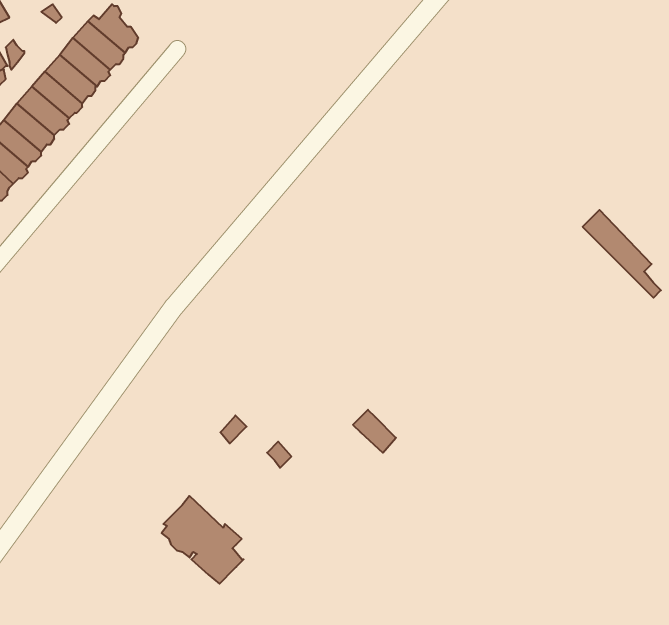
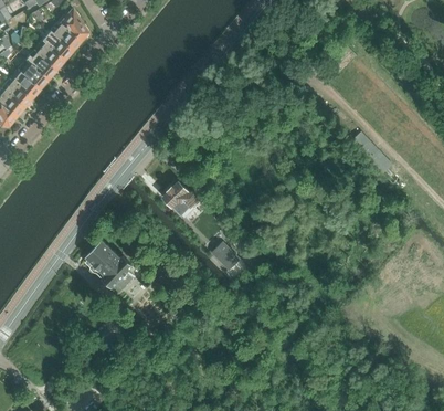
building: none -> [162,182,201,219]
building: [162,496,244,584] -> [84,241,133,293]

